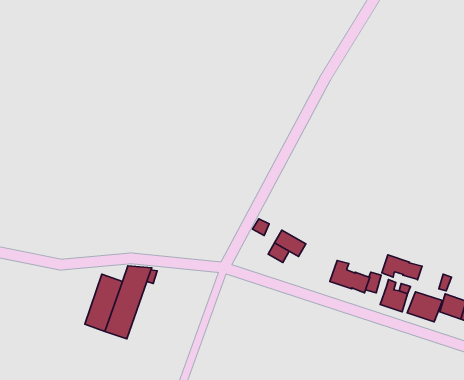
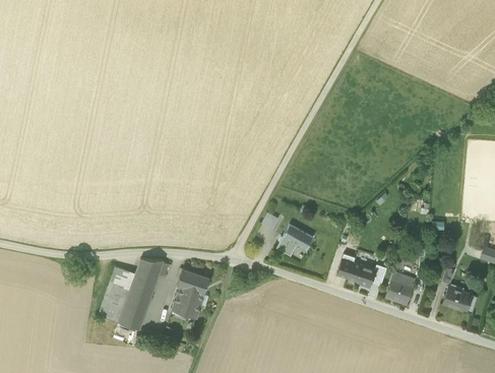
building: [382,255,422,280] -> none
building: none -> [173,269,209,318]
building: [407,292,442,322] -> none

